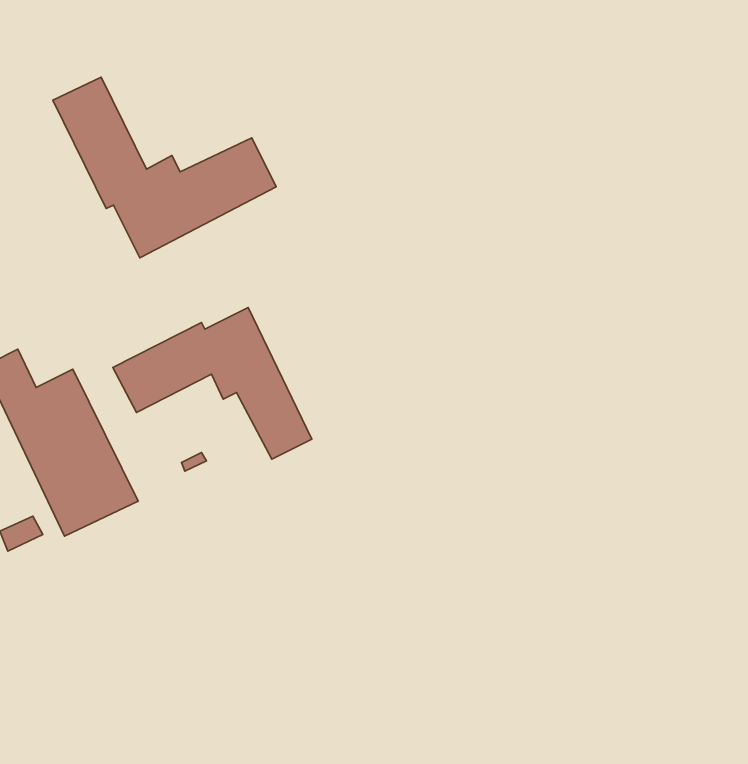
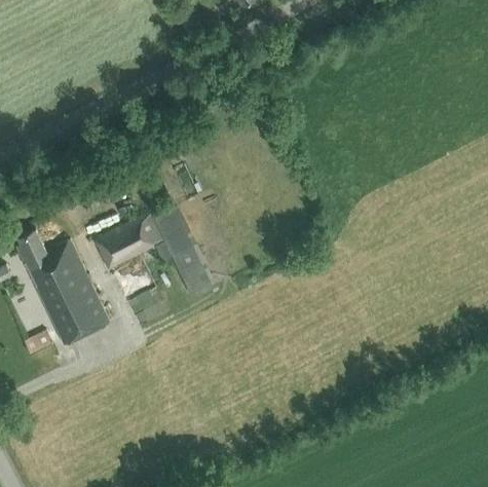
building: [53,77,276,258] -> none

